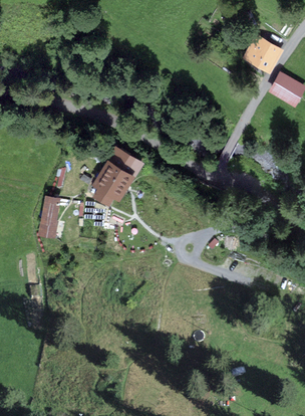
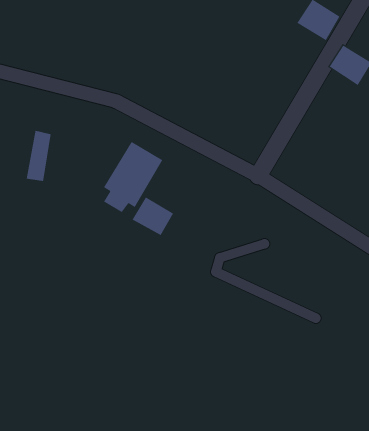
building: none -> [132,196,174,236]
building: [38,197,58,237] -> [26,130,52,182]

